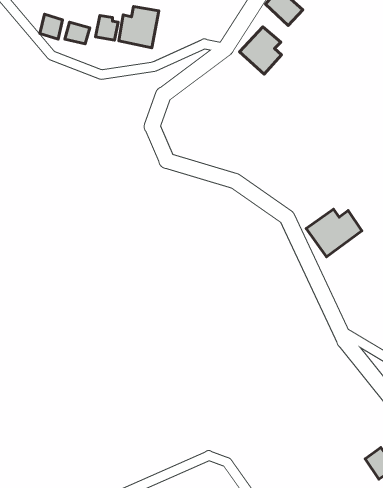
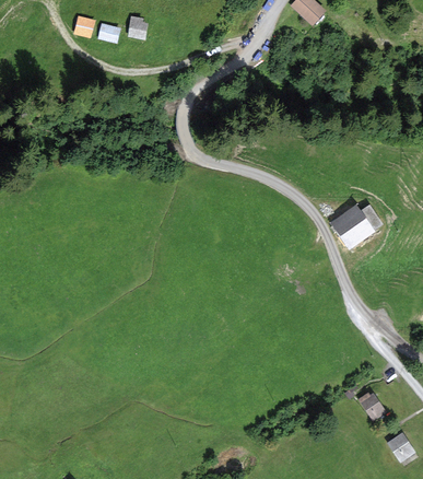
building: [119,6,159,48] -> none
building: [239,27,282,74] -> none
building: none -> [357,393,386,422]

